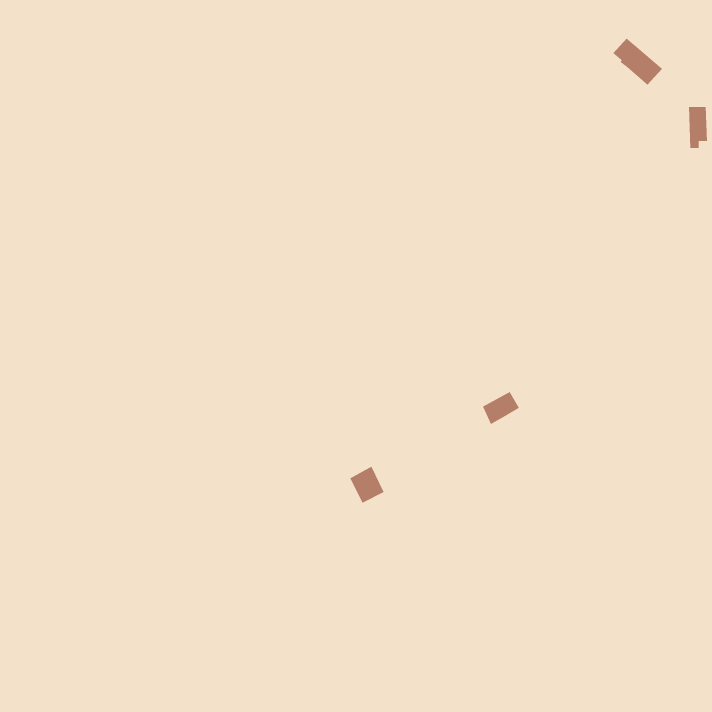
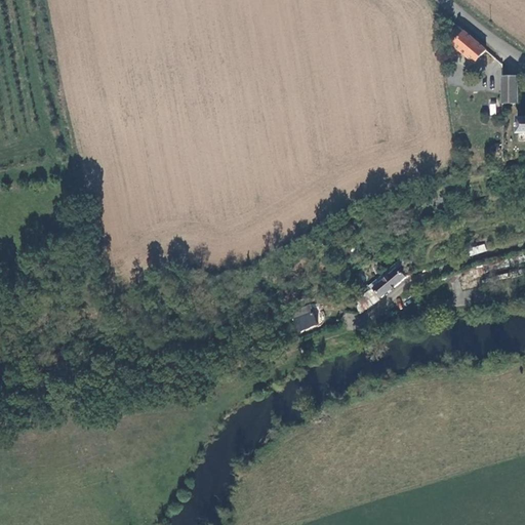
building: none -> [375,267,407,295]
building: [350,466,385,504] -> [291,304,317,331]

